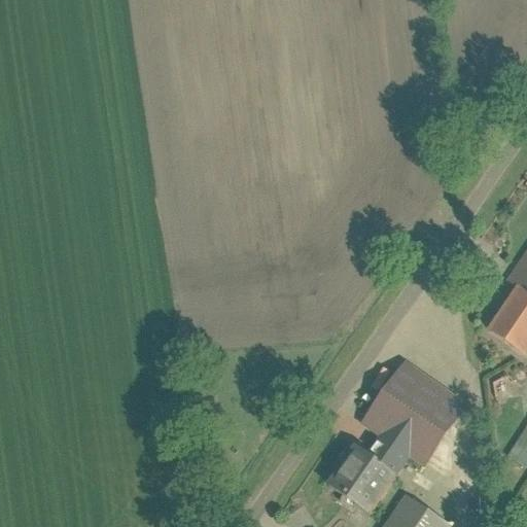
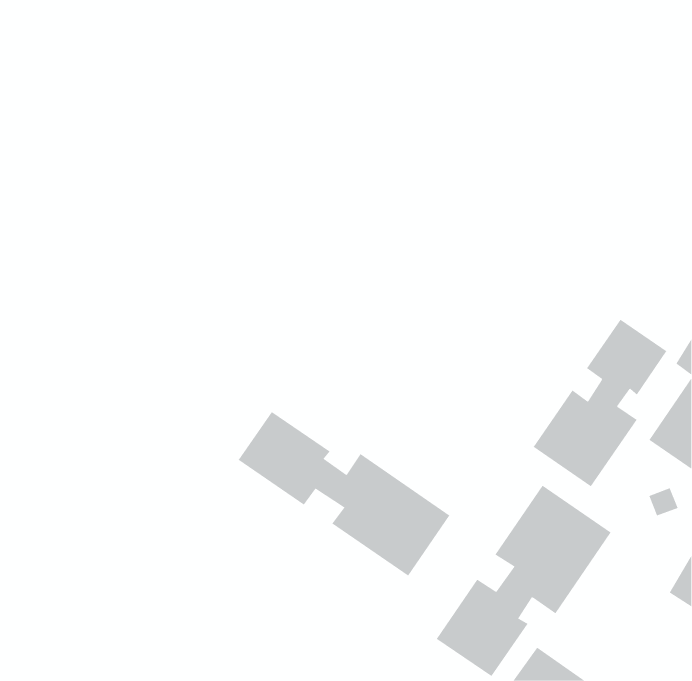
building: none -> [533,319,667,487]
building: none -> [238,411,450,576]

